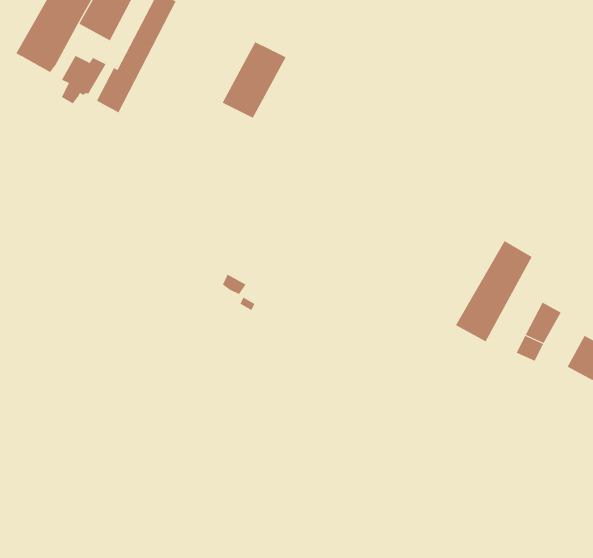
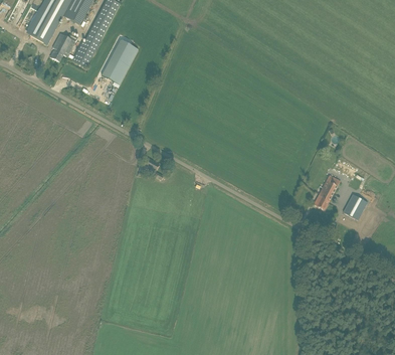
building: [222,42,286,119] -> [101,39,138,83]
building: [455,240,533,342] -> none

